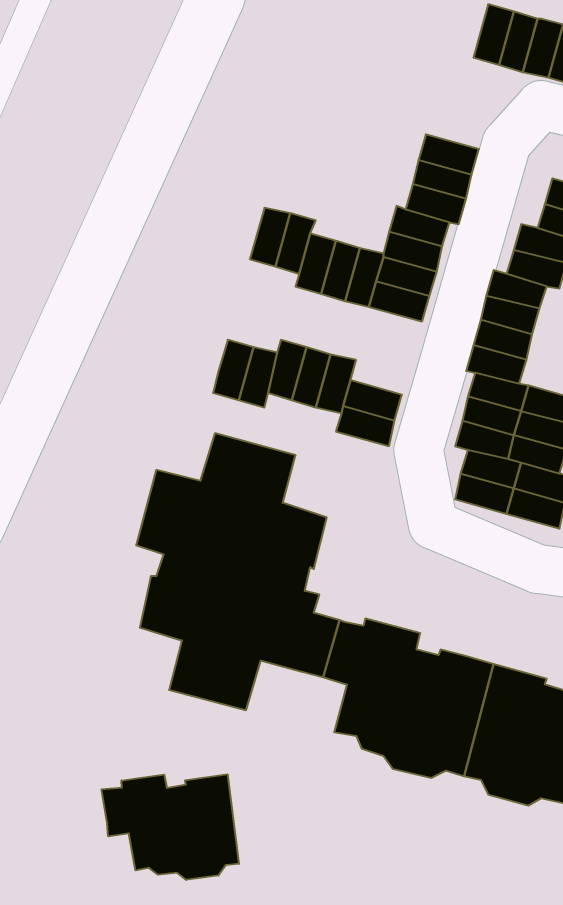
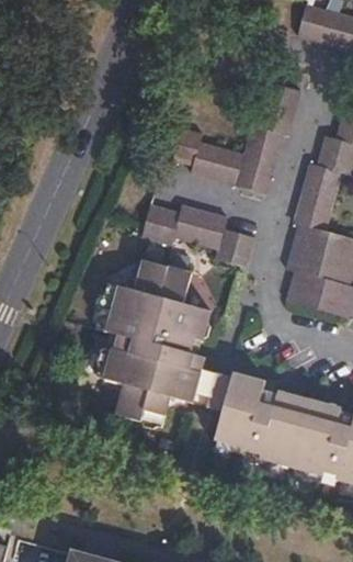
building: [102,774,239,880] -> none

